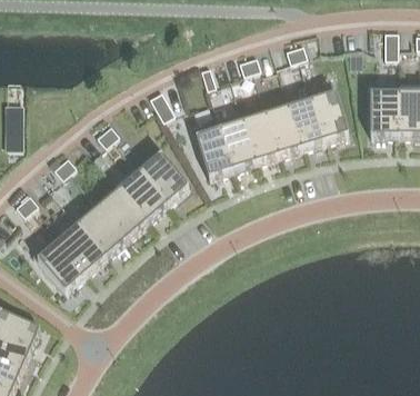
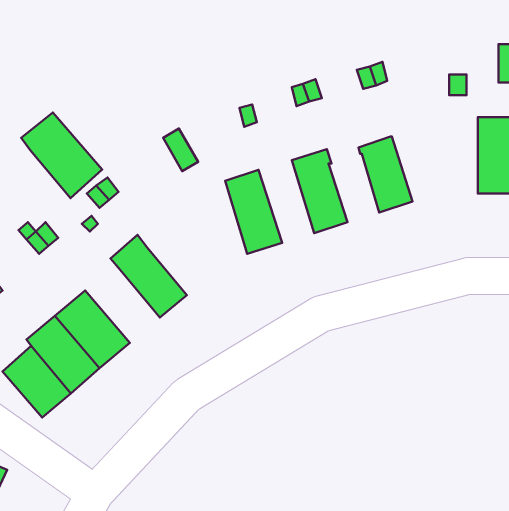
building: [308,86,349,143] -> none
building: [266,110,301,158] -> none
building: [217,115,256,172] -> none
building: [132,149,189,209] -> [21,112,102,198]
building: [92,184,148,242] -> none

